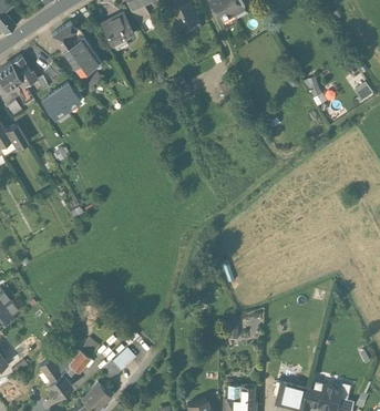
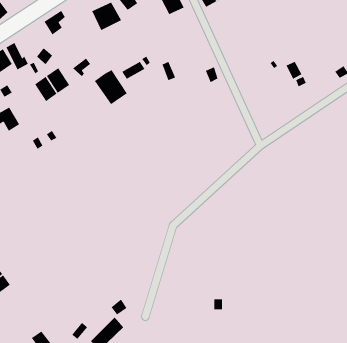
building: [61,38,96,75] -> [94,69,128,105]

